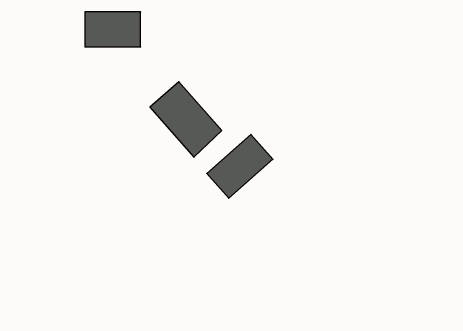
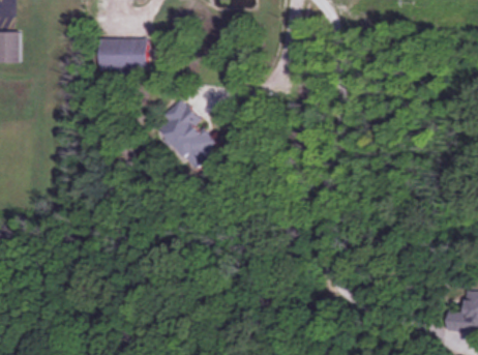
building: [207,134,273,198] -> none

